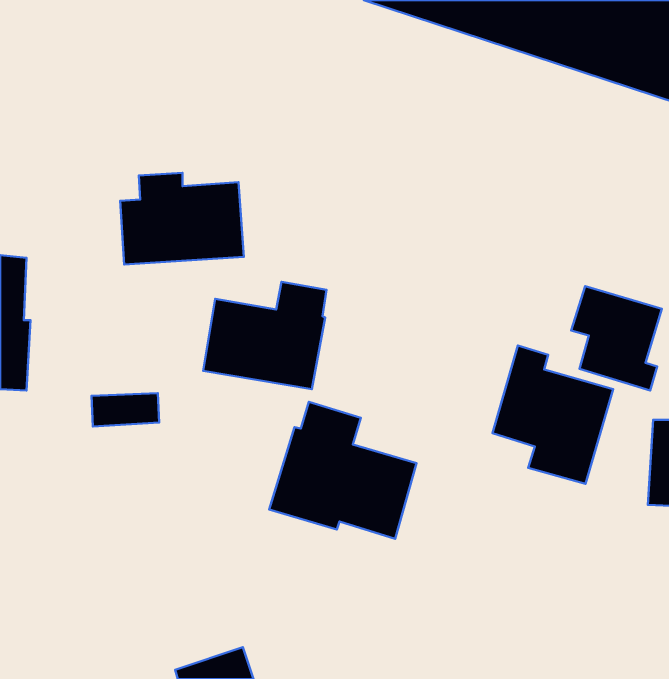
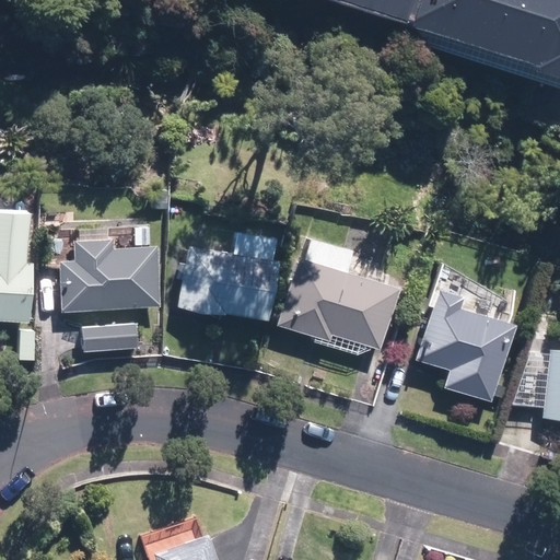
building: [120,173,244,265] -> [59,237,161,313]
building: [571,286,662,390] -> none
building: [269,402,416,539] -> [282,234,404,347]

